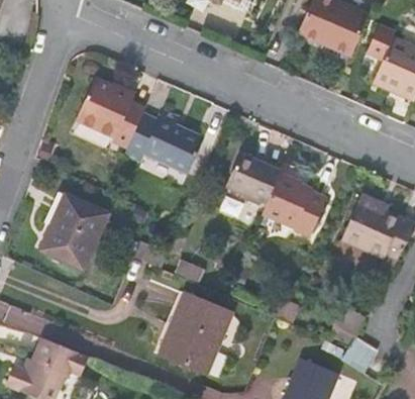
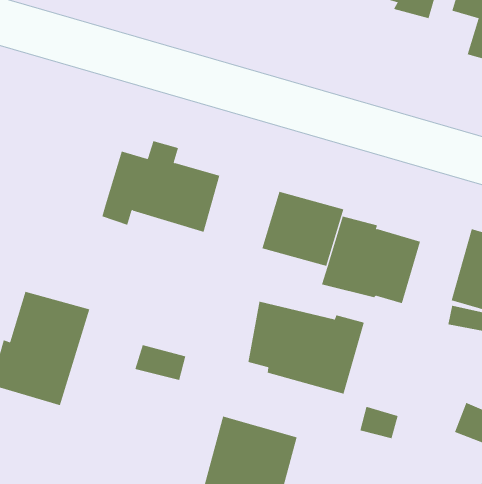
building: [76,78,145,147] -> none
building: none -> [248,301,365,395]

